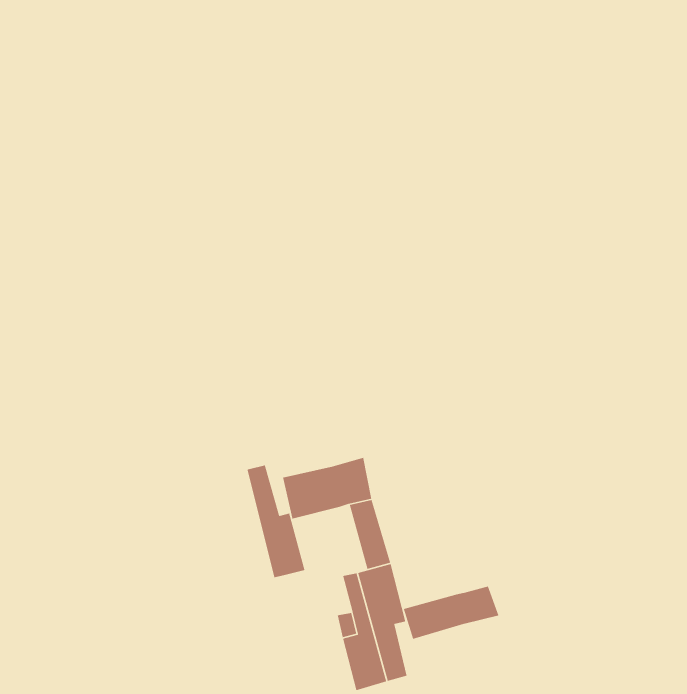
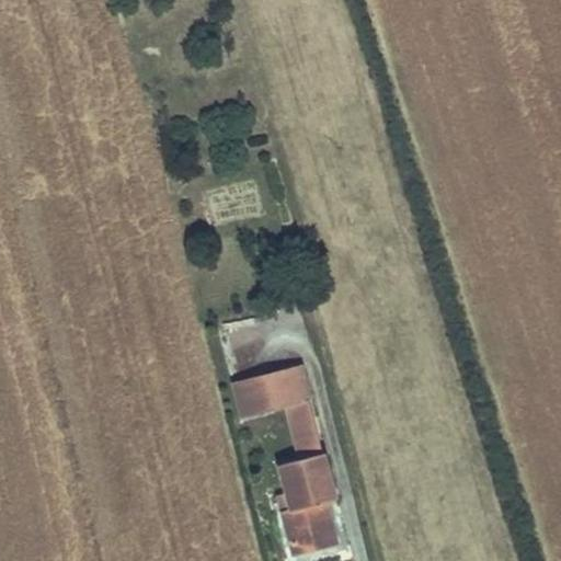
building: [247,464,305,578] -> none
building: [403,585,499,640] -> none

